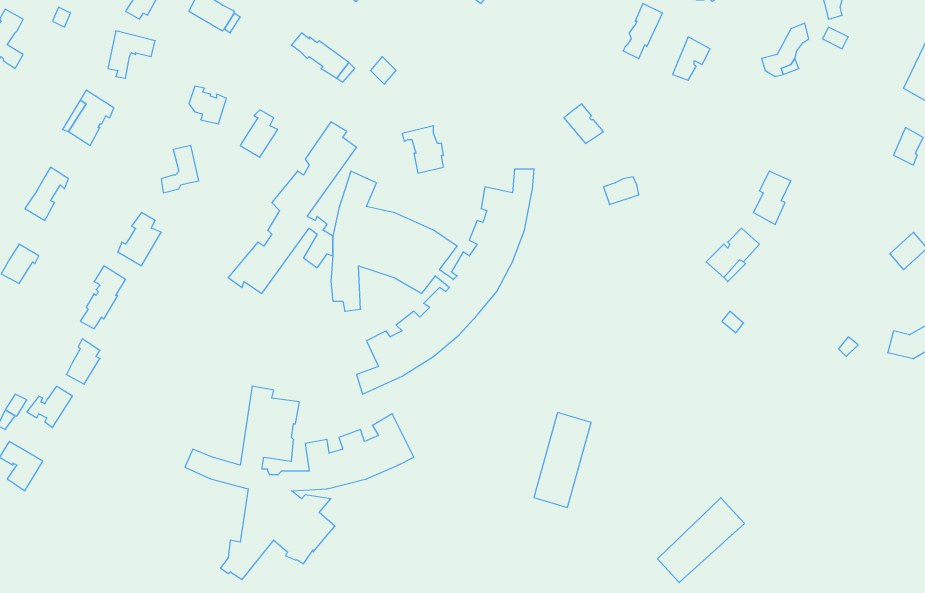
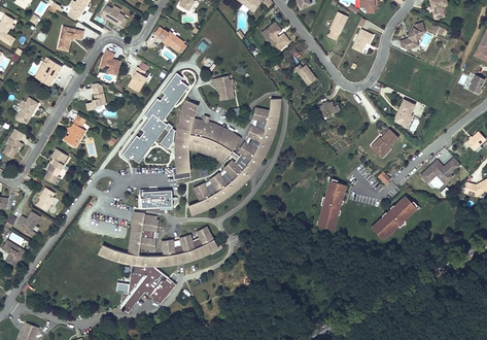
building: none -> [262,22,290,52]
building: none -> [421,157,460,183]
building: none -> [140,192,171,209]
building: [534,413,591,507] -> [316,180,346,230]
building: [658,498,744,583] -> [372,195,417,239]

